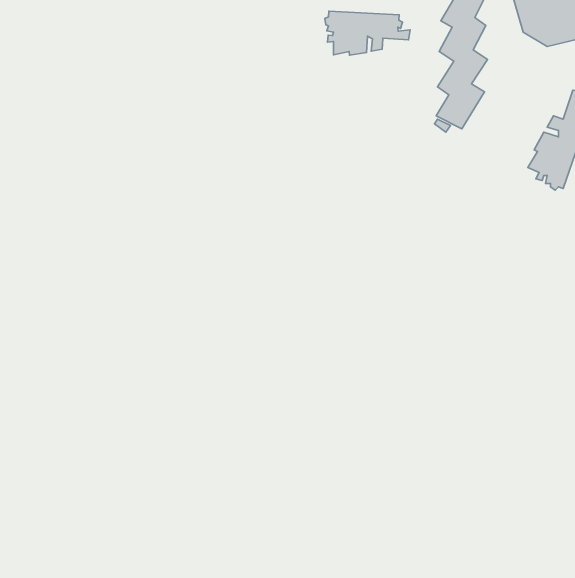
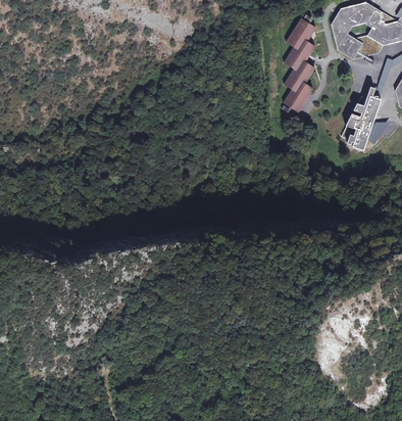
building: [325,11,410,55] -> none

